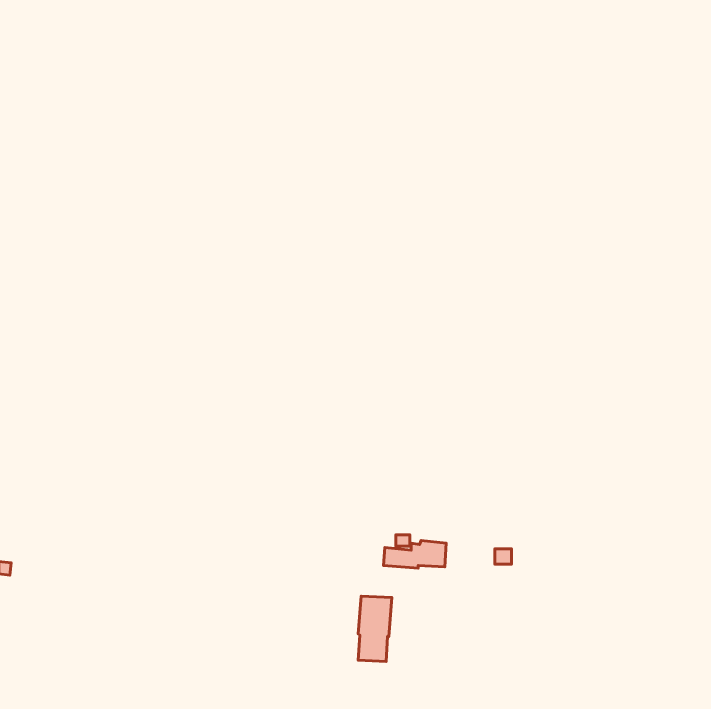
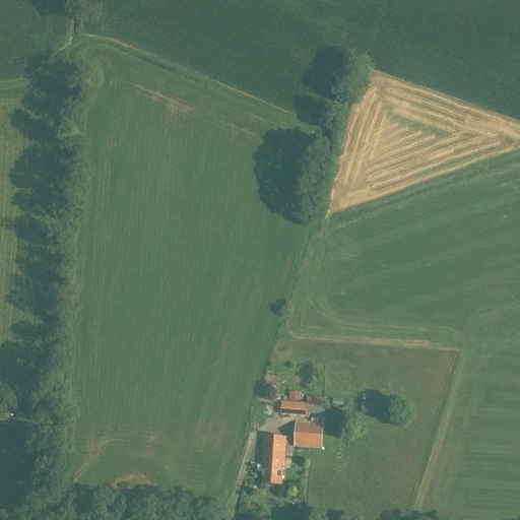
building: none -> [294,421,322,447]

